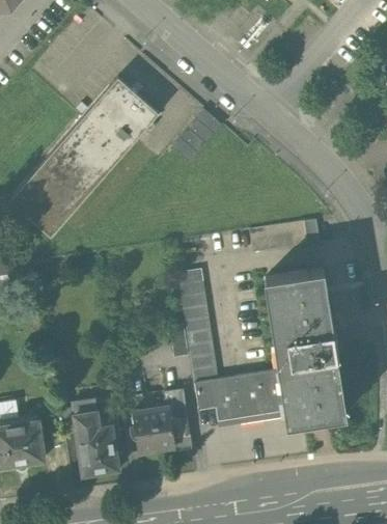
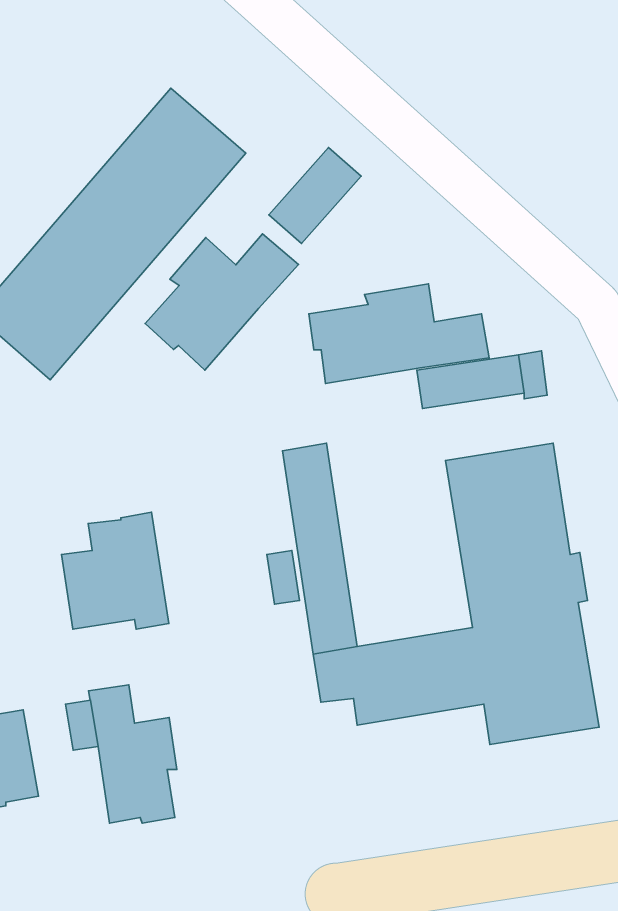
building: none -> [145,234,298,370]
building: none -> [309,284,489,384]
building: [134,389,192,452] -> [61,512,169,629]

